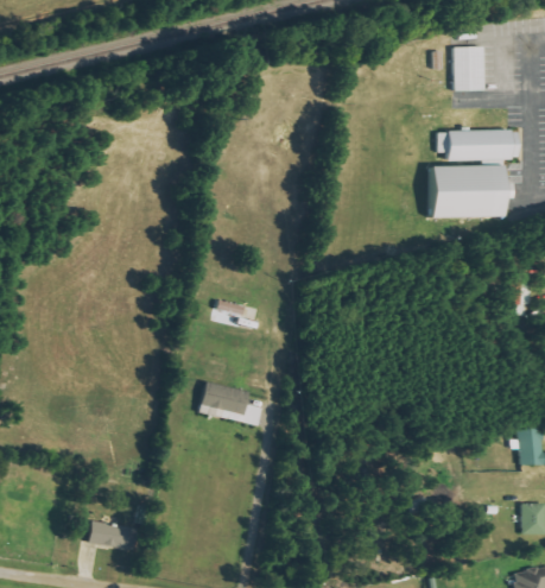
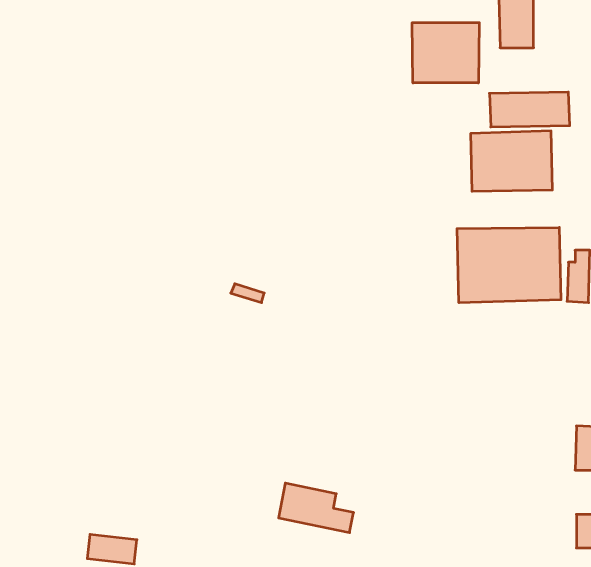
building: none -> [412,23,479,83]
building: none -> [457,227,561,303]
building: [197,381,264,425] -> [279,483,354,533]

